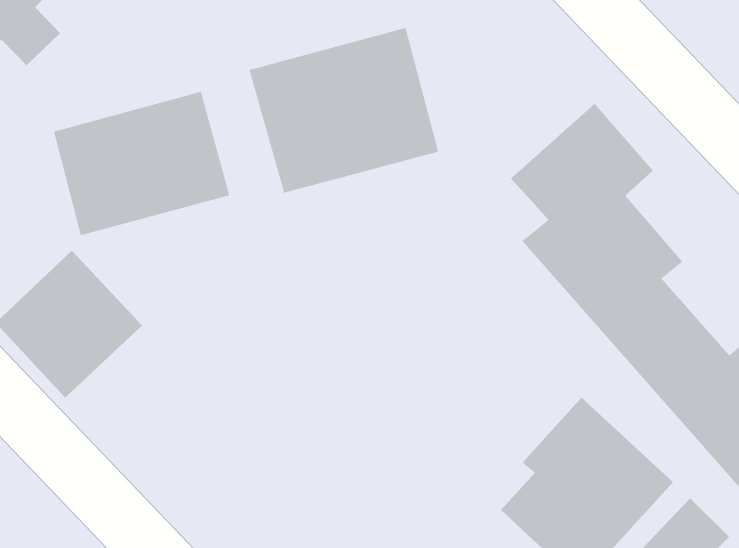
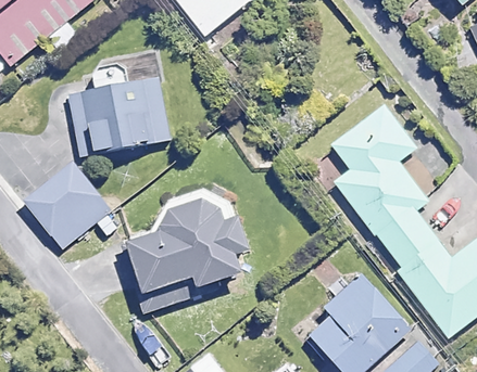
building: [249,27,439,193] -> none
building: none -> [118,201,249,311]

